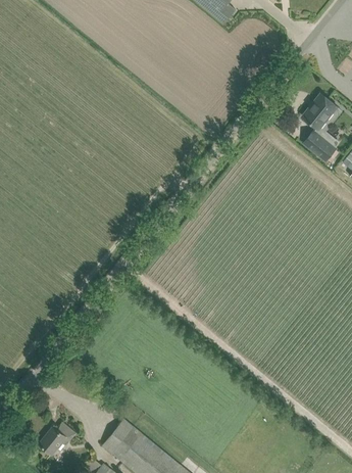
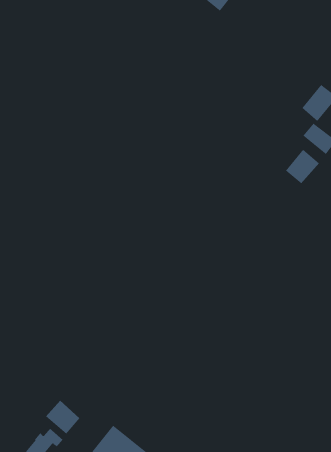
building: none -> [285,149,320,184]
building: none -> [45,400,80,434]

